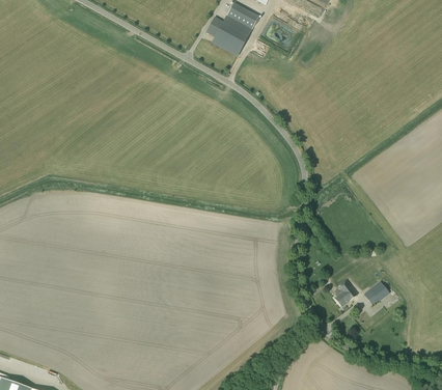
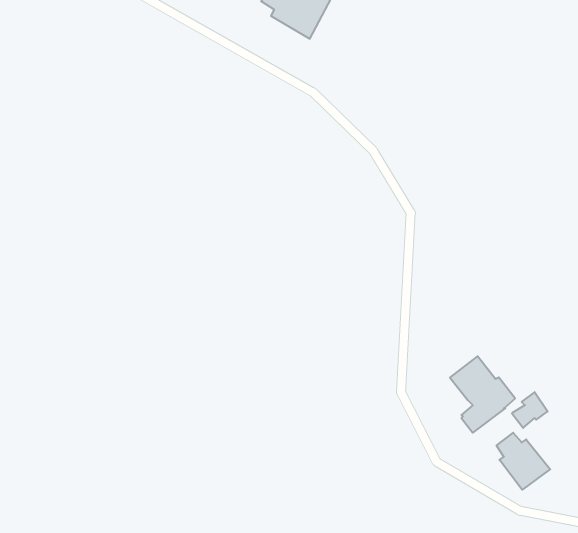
building: none -> [497,433,550,490]

